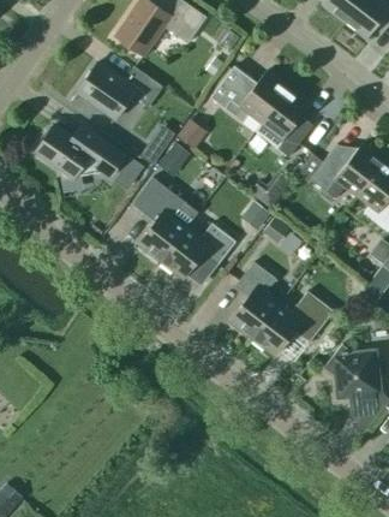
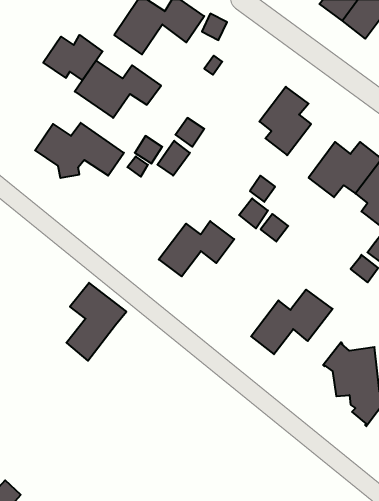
building: none -> [43,35,103,80]
building: [217,71,287,123] -> none
building: [138,183,198,261] -> [66,283,126,361]
building: [229,261,280,338] -> none

